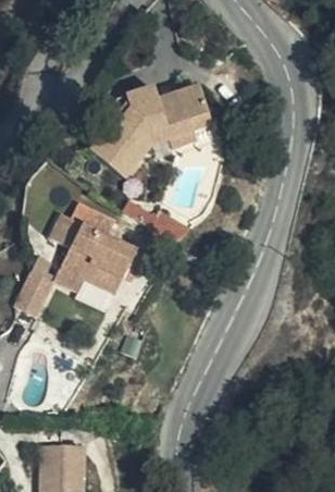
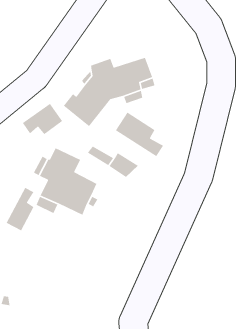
building: none -> [22,103,63,135]
building: none -> [115,112,164,157]

